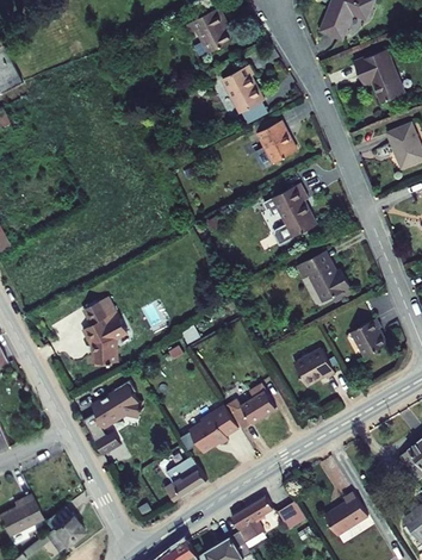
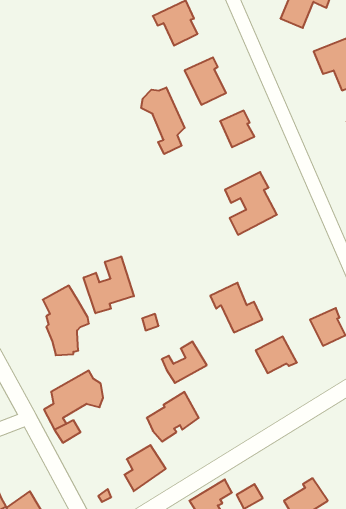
building: none -> [141,87,185,154]
building: [298,251,350,301] -> [210,283,262,332]
building: none -> [84,256,134,313]
building: [231,382,277,424] -> [162,342,207,383]

